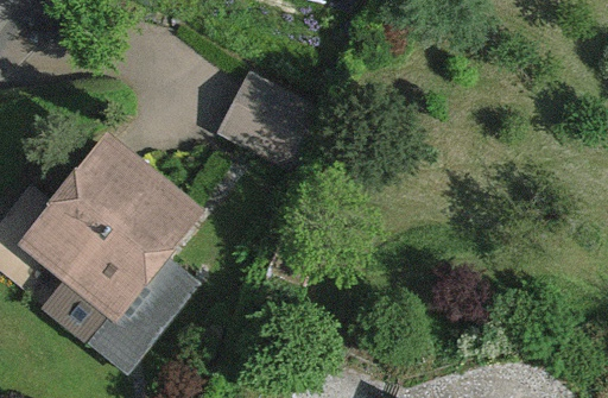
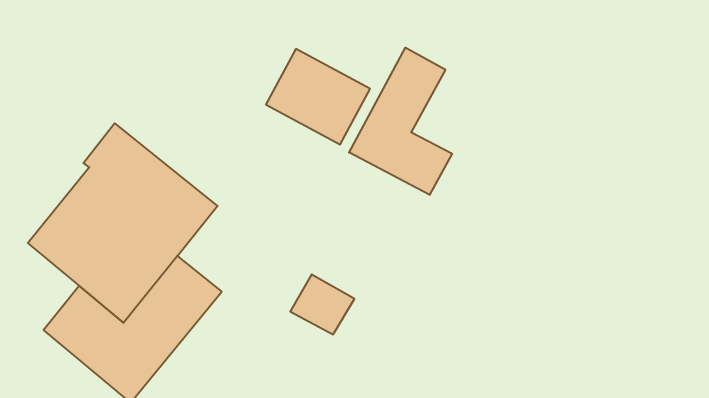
building: none -> [349,48,452,195]

